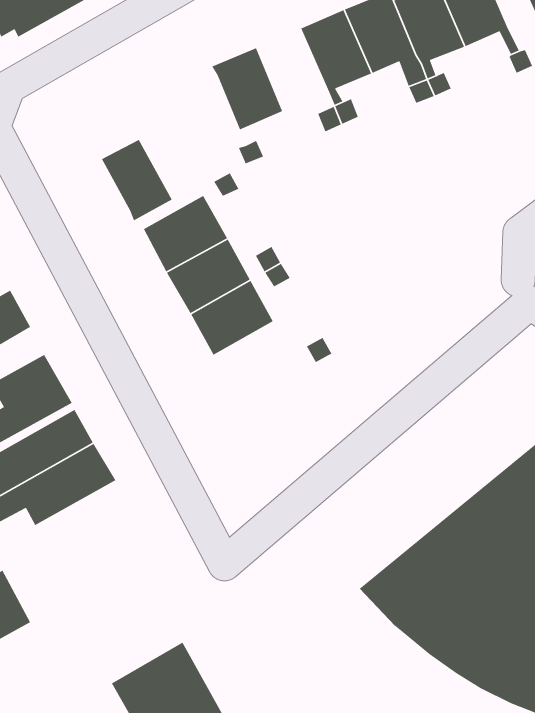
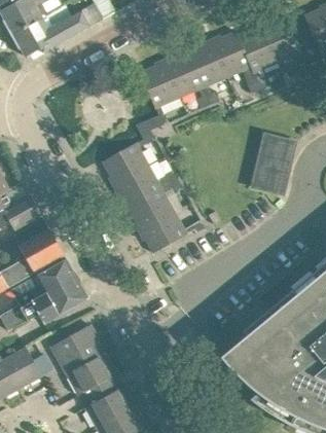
building: none -> [164,52,203,98]
building: [101,139,173,221] -> none
building: none -> [251,131,300,195]
building: none -> [140,212,186,253]
building: none -> [49,325,116,395]

